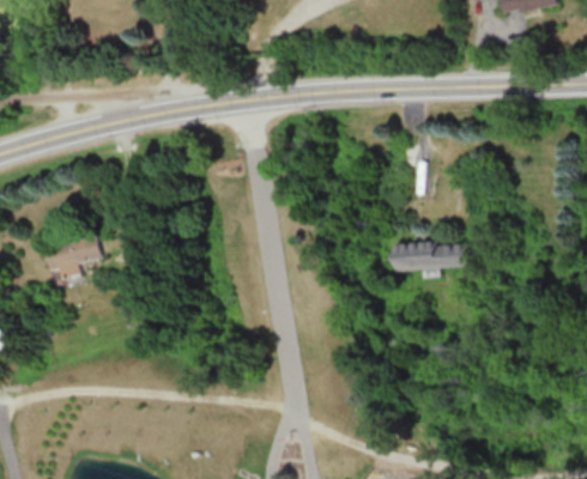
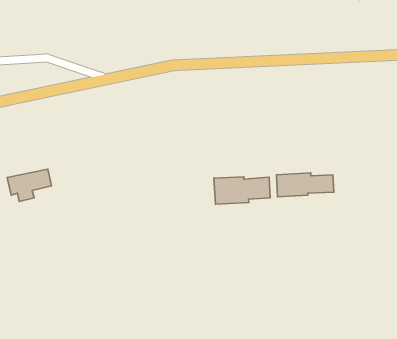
building: none -> [214,177,270,204]

